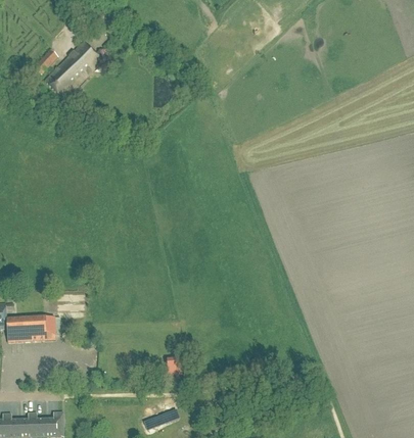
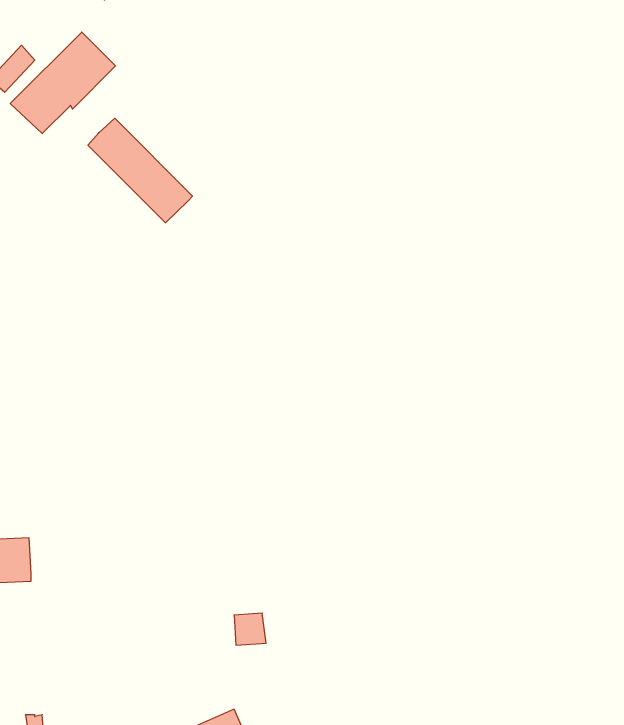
building: none -> [88,118,192,223]

